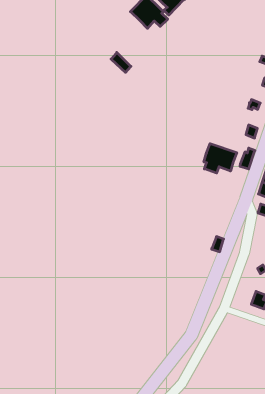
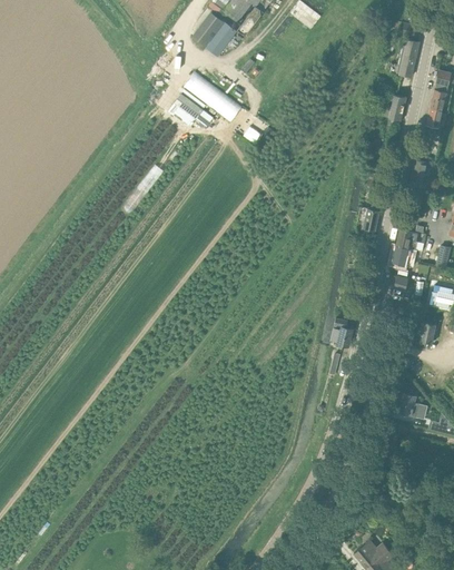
building: none -> [184,71,241,121]
building: [204,144,237,173] -> none

